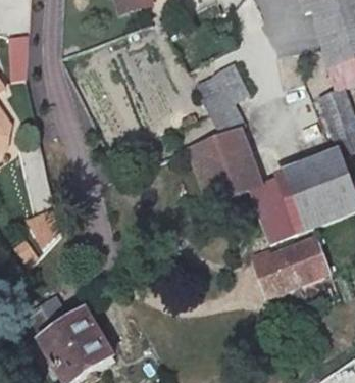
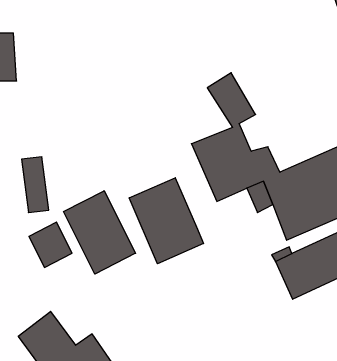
building: none -> [129,178,203,264]
building: none -> [64,191,136,274]

